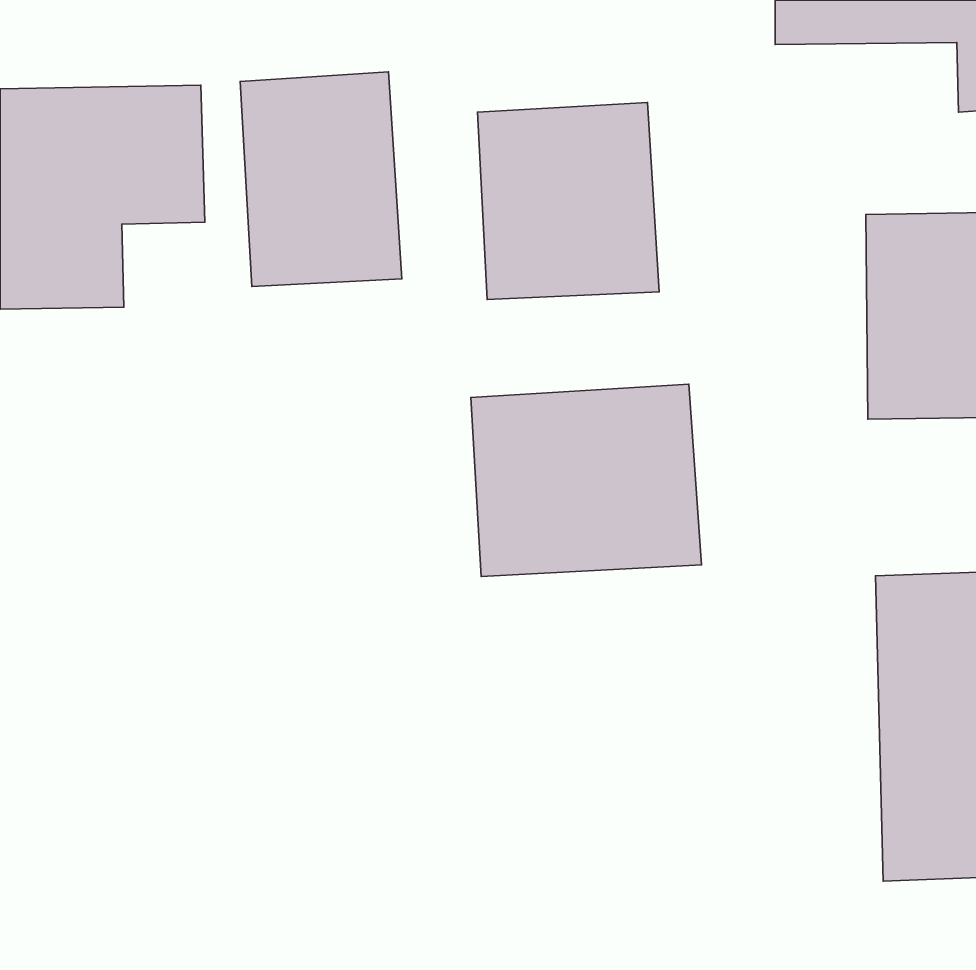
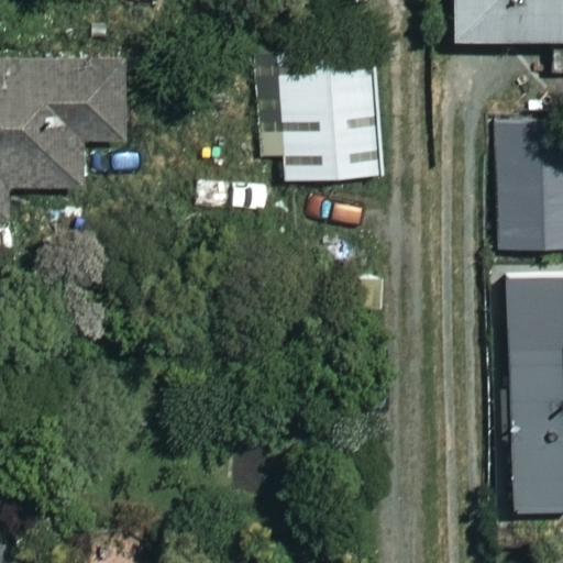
building: [240,72,402,286] -> none
building: [471,384,702,577] -> none

